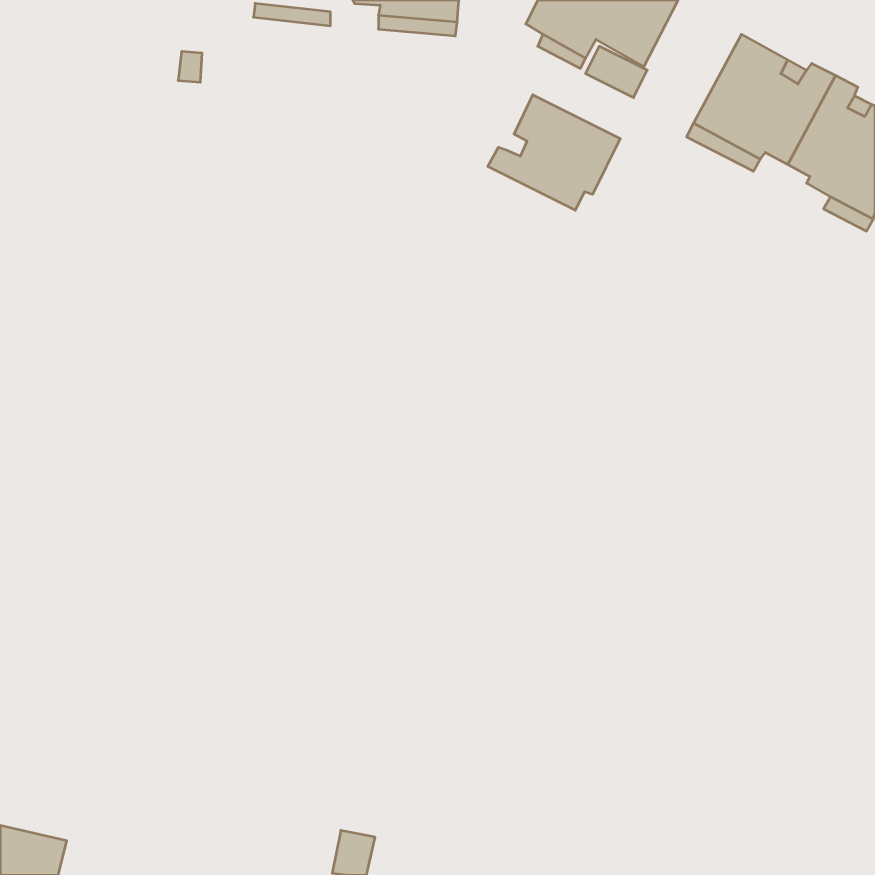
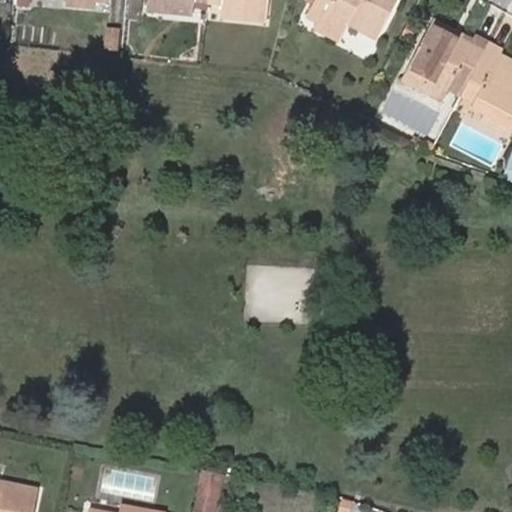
building: [488,95,620,210] -> none

